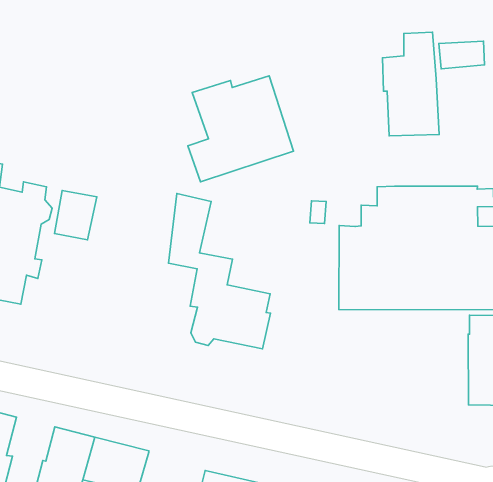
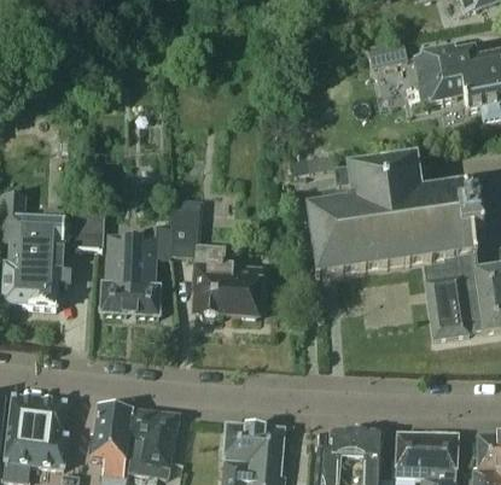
building: [382,32,439,136] -> none
building: [188,76,293,182] -> none
building: none -> [100,226,169,315]

